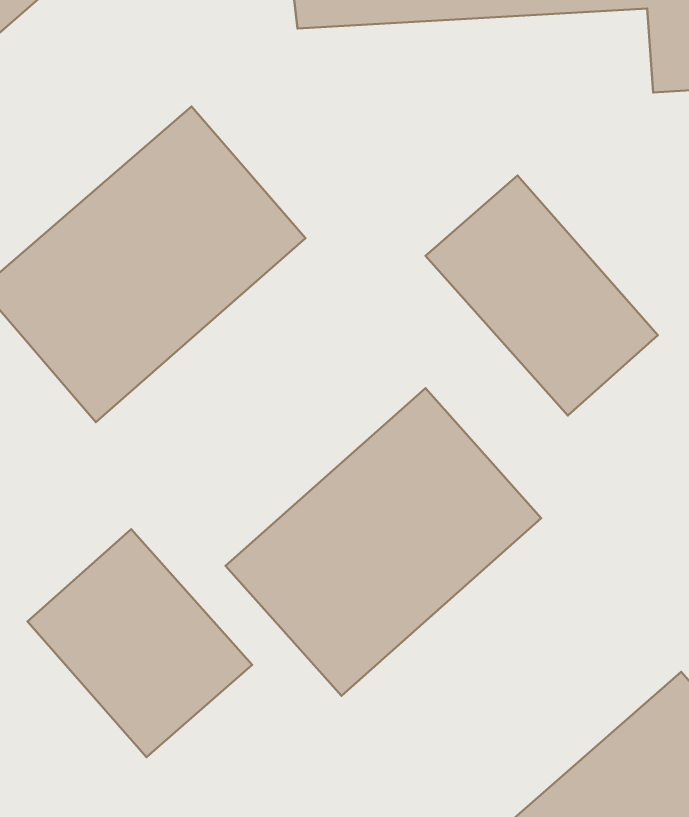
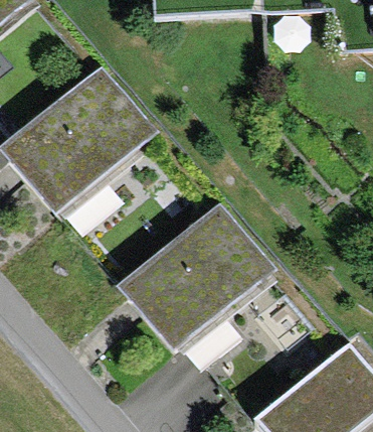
building: [425,176,658,415] -> none
building: [27,529,252,757] -> none

